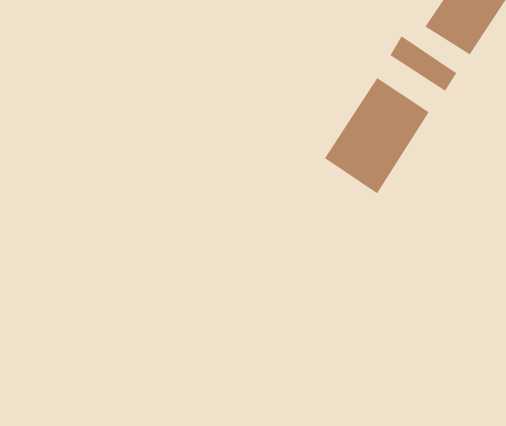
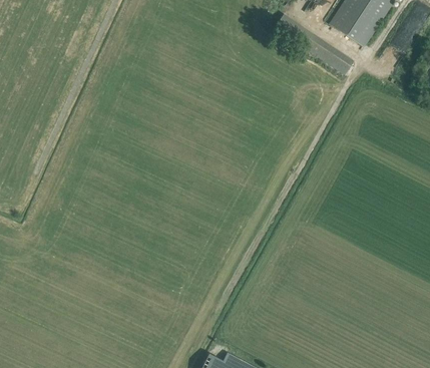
building: [324,77,430,194] -> none

